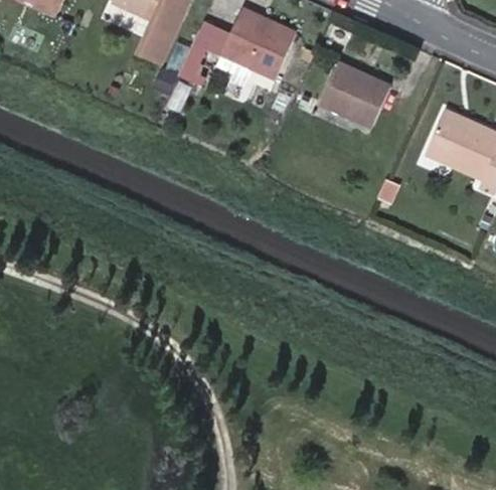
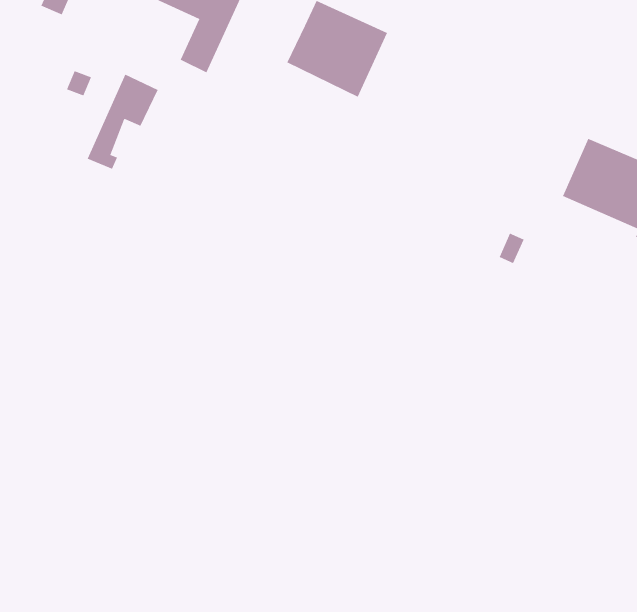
building: [180,14,233,86] -> [87,74,159,170]
building: [319,61,389,127] -> none

